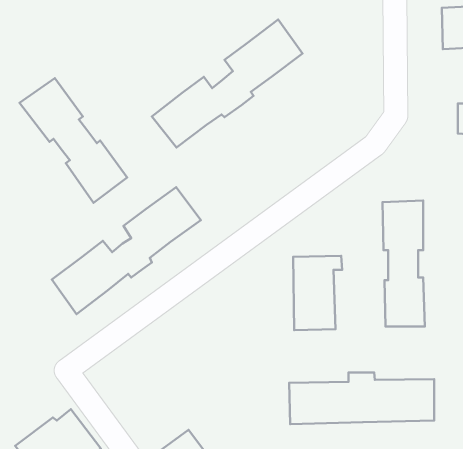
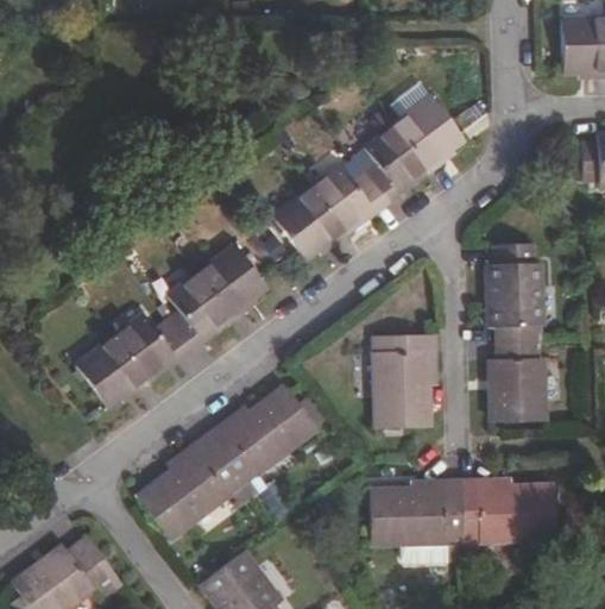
building: [152,20,303,147] -> [271,93,461,255]
building: [19,78,127,203] -> none
building: none -> [140,387,316,538]

